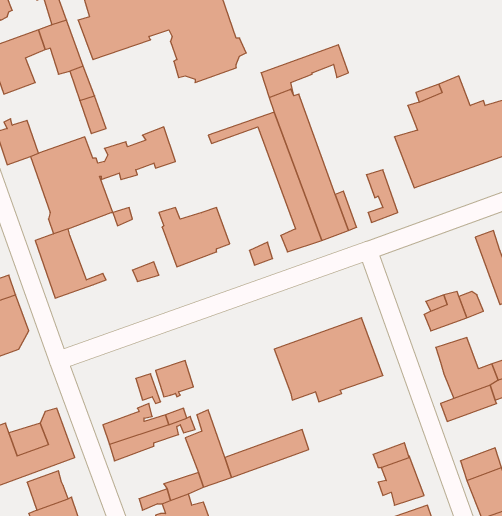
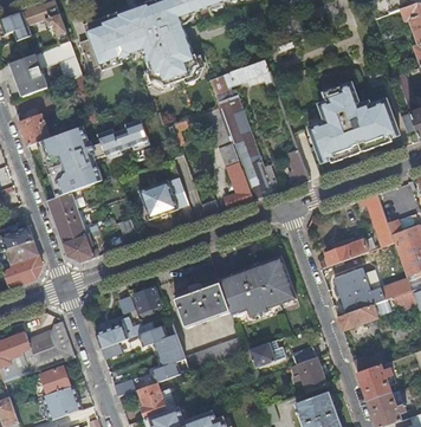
building: none -> [61,232,97,263]
building: none -> [173,277,231,326]
building: none -> [250,342,285,368]

